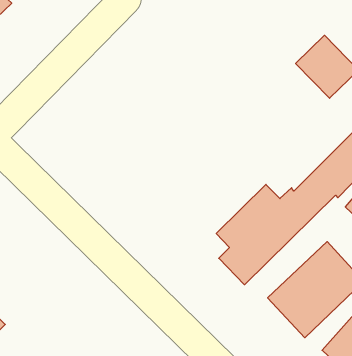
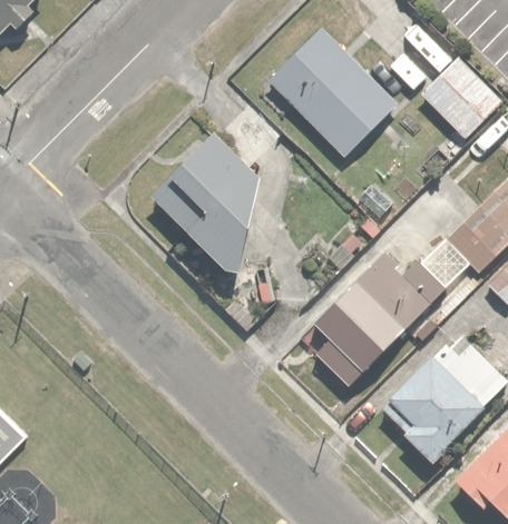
building: none -> [270,28,403,161]
building: none -> [149,129,258,271]

